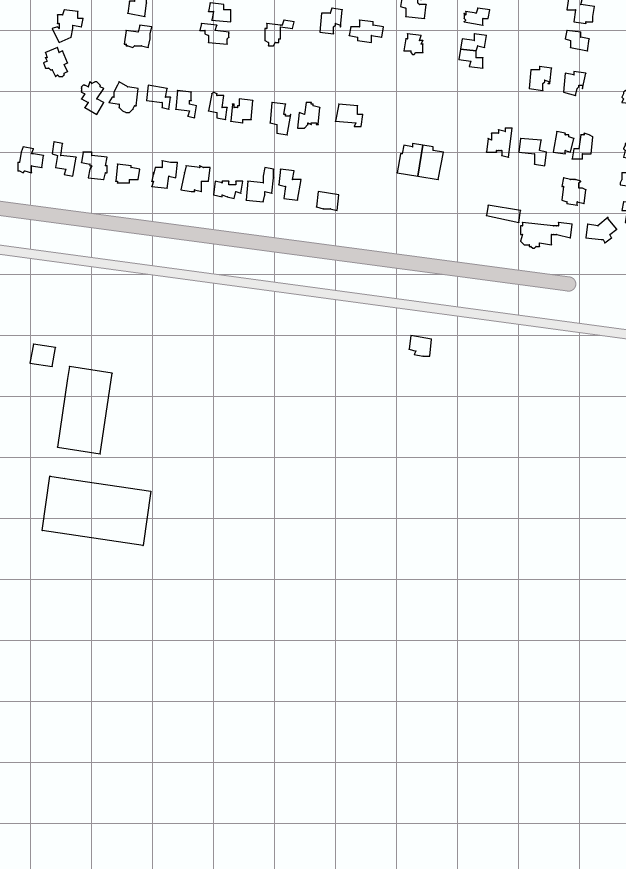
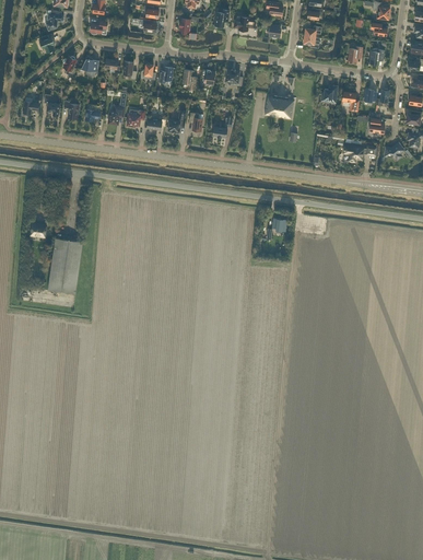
building: [42,476,151,546] -> none

